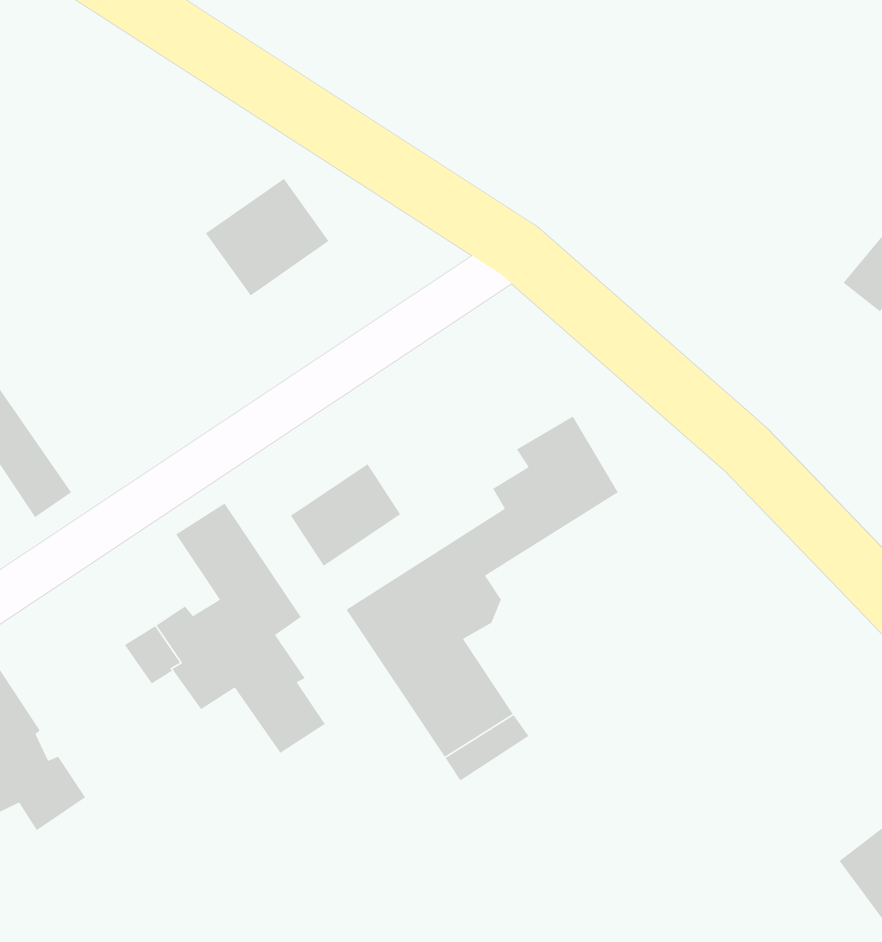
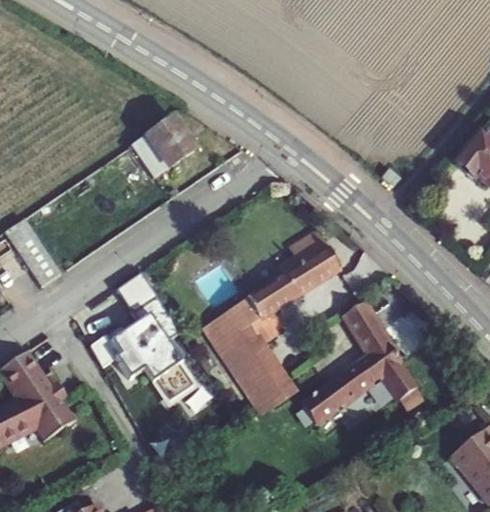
building: [290,463,401,567] -> none
building: none -> [303,303,423,424]

